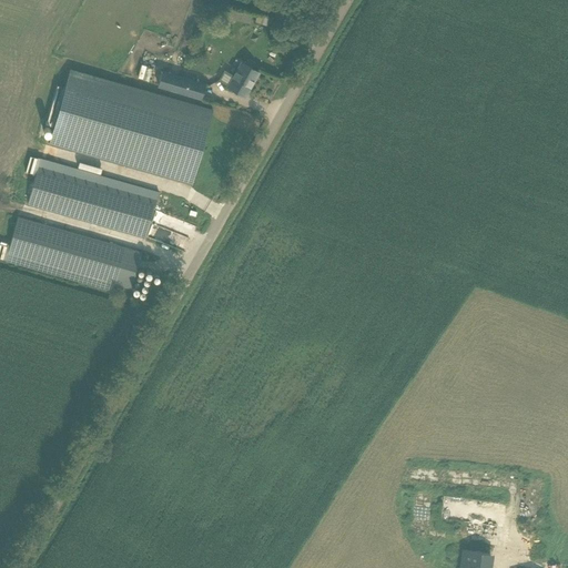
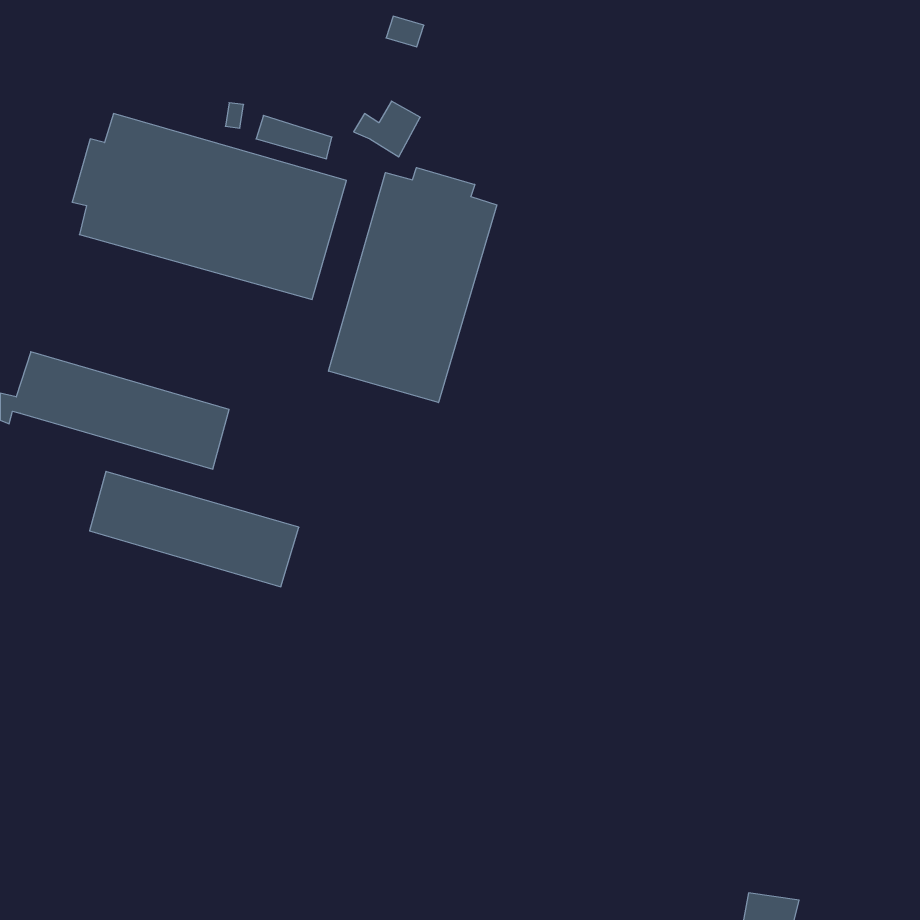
building: none -> [329,168,497,403]
building: [29,168,158,239] -> [90,471,299,587]

